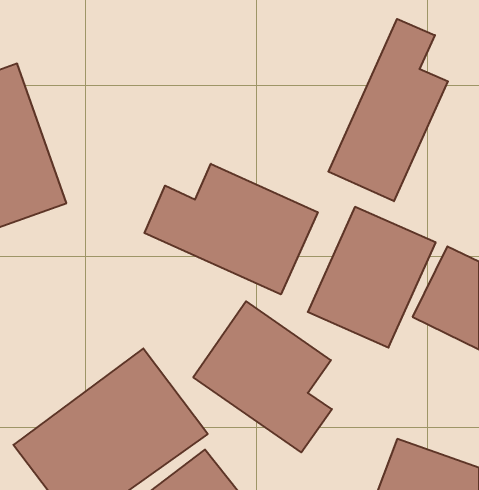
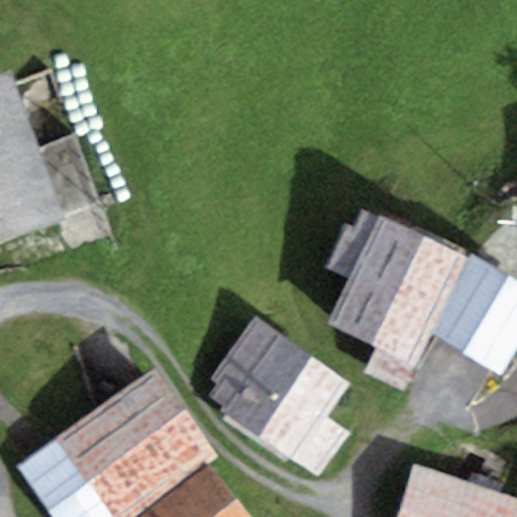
building: [328,19,448,201] -> none
building: [144,164,318,294] -> none

